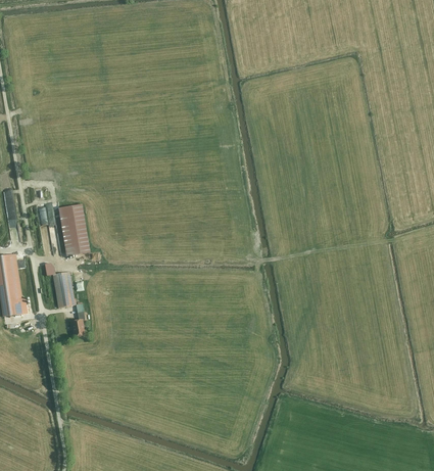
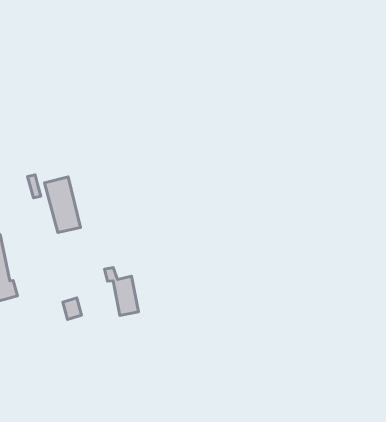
building: [45,263,74,308] -> [105,268,138,315]

